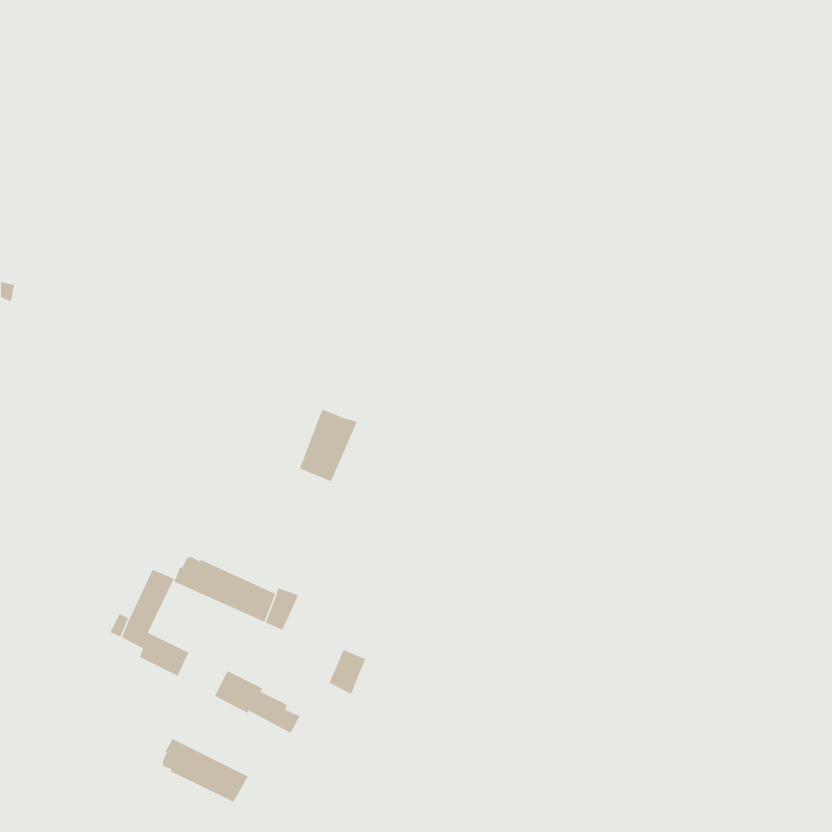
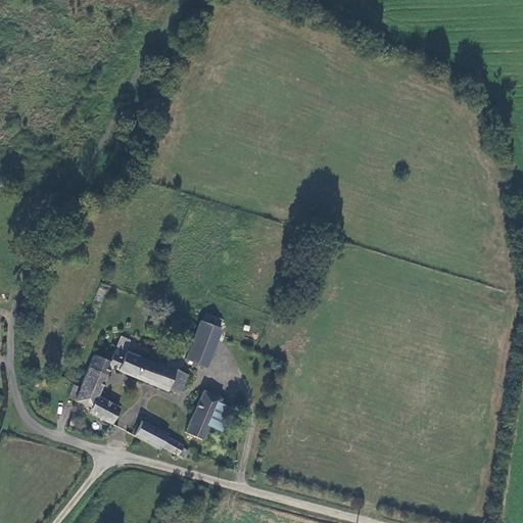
building: [299,408,358,482] -> [187,320,224,366]
building: none -> [184,390,221,441]
building: [161,738,249,803] -> none

